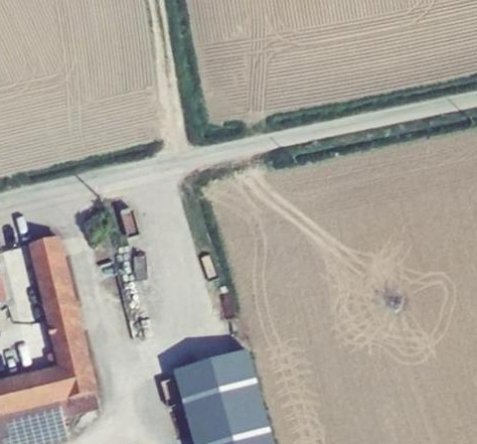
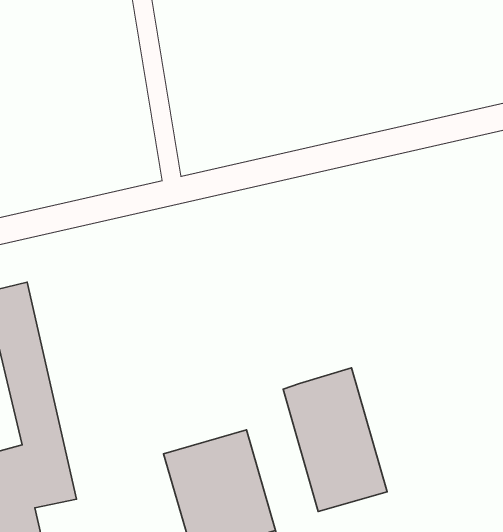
building: none -> [283,368,387,512]

